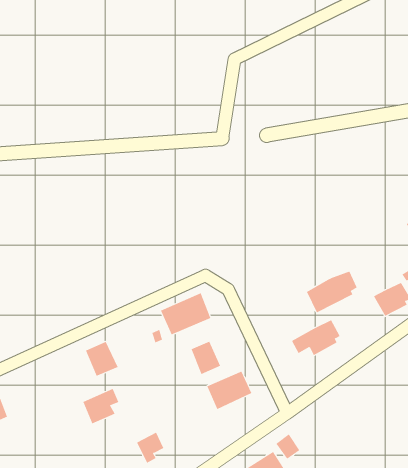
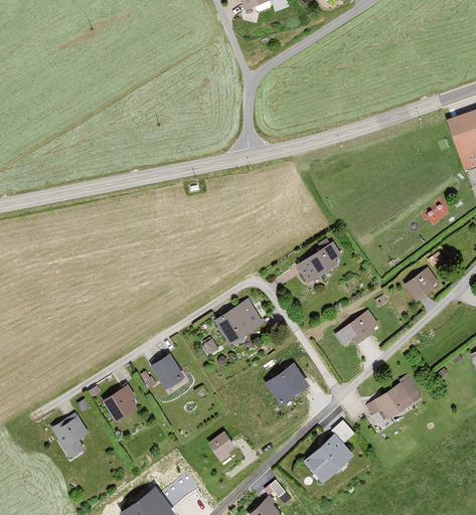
building: [306,271,358,313] -> [298,240,344,283]
building: [191,341,221,375] -> none
building: [83,388,119,424] -> [102,385,135,420]
building: none -> [367,381,422,418]

